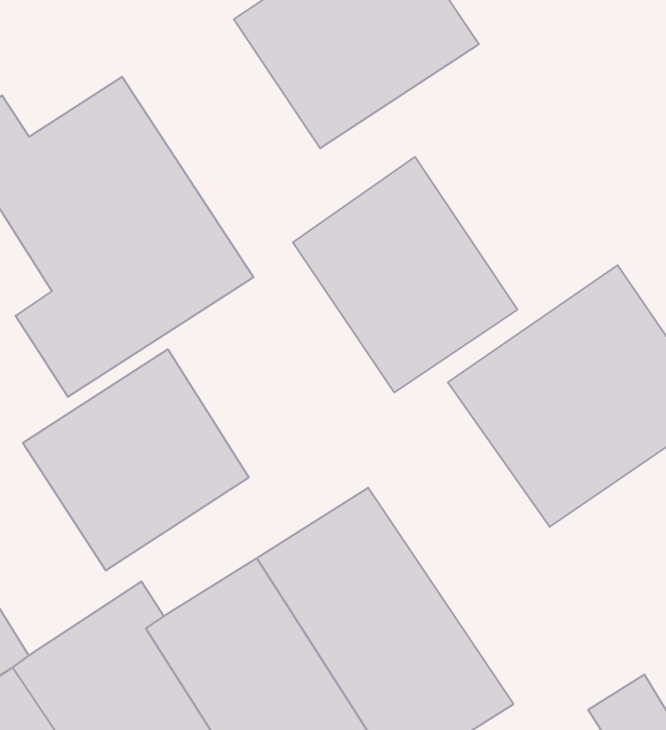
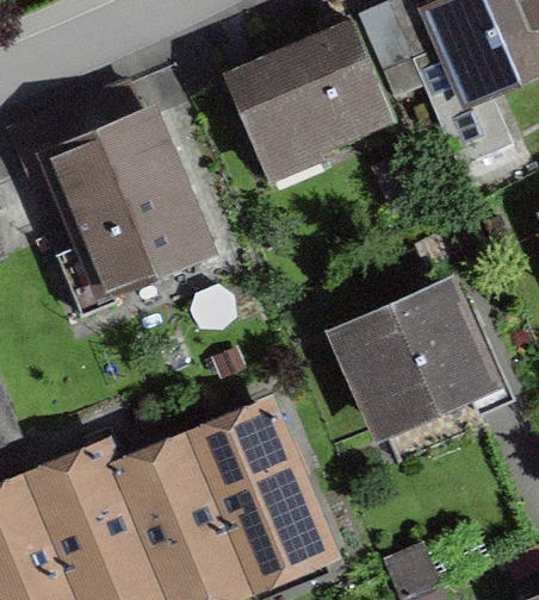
building: [293,157,517,392] -> none
building: [23,349,249,571] -> none

